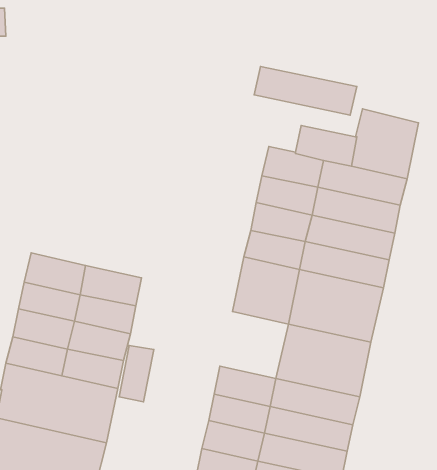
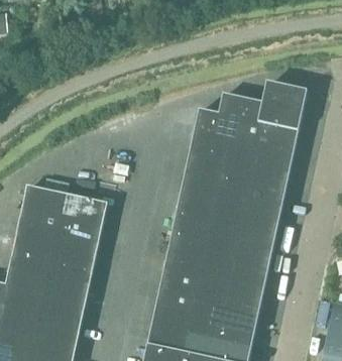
building: [254,66,357,115] -> none
building: none -> [162,232,212,280]
building: [119,345,154,402] -> none

